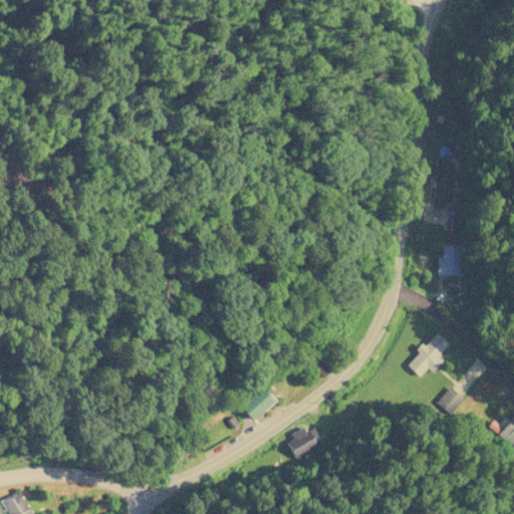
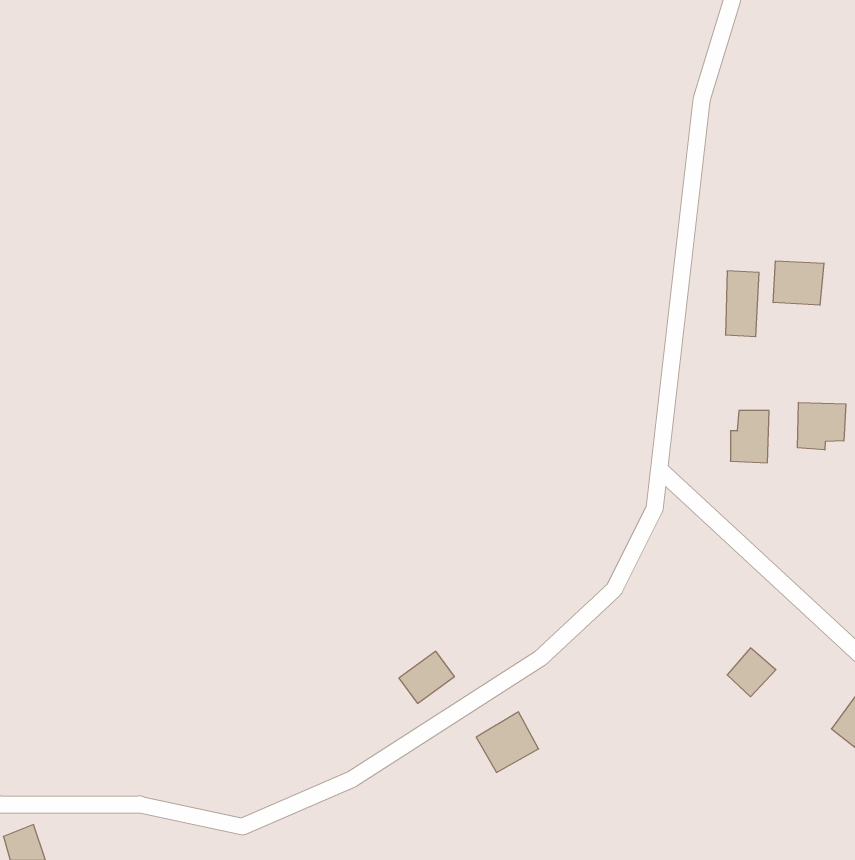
building: none -> [773,261,824,305]
building: none -> [797,402,846,450]
building: [408,331,450,376] -> none

